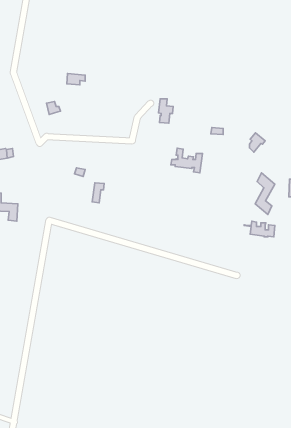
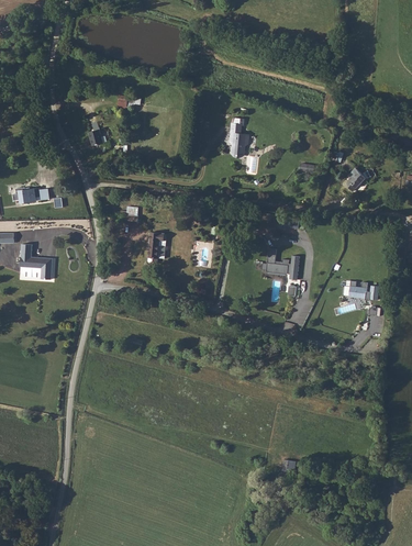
building: [171,148,202,173] -> [259,249,299,280]
building: [255,173,275,215] -> none

